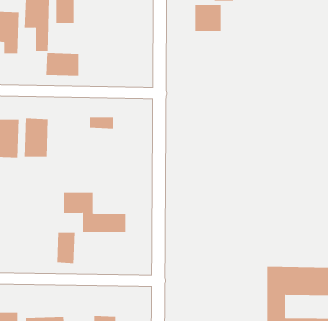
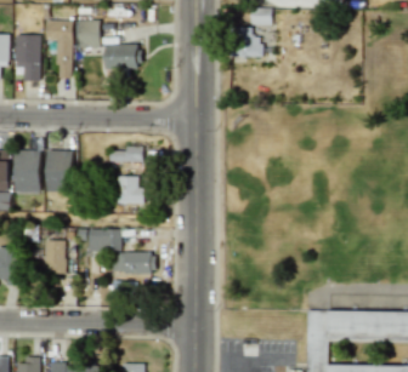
building: [46,53,79,76] -> [104,44,141,69]
building: none -> [115,176,144,204]
building: [56,232,75,264] -> [44,240,64,274]

